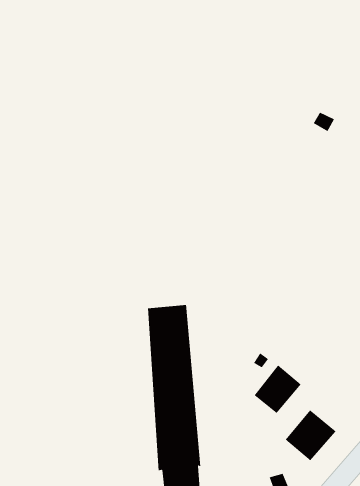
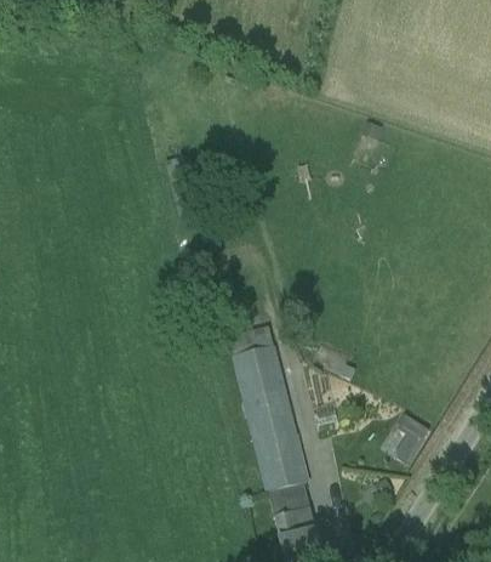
building: [254,365,301,414] -> none

